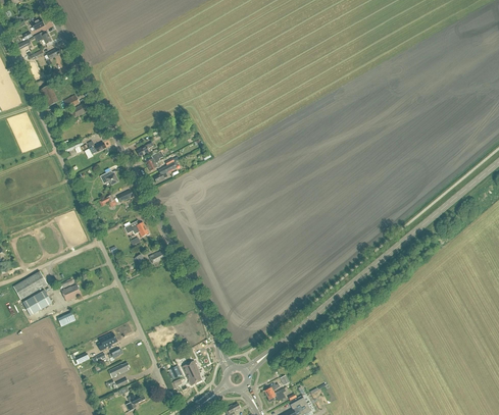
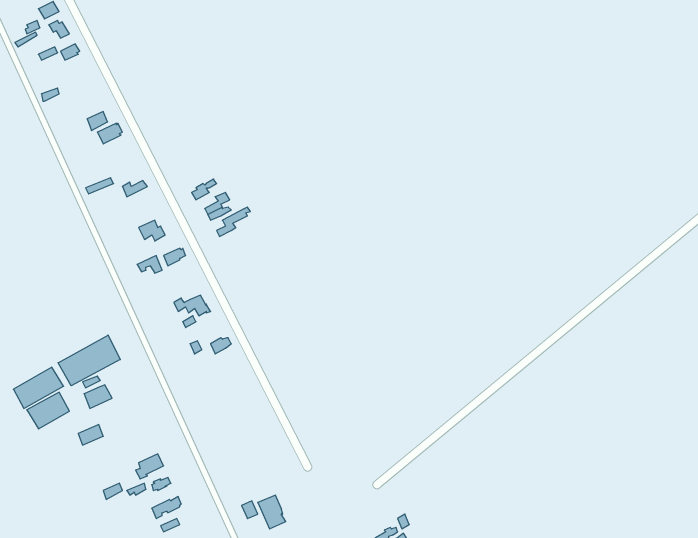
building: none -> [58,335,120,386]

